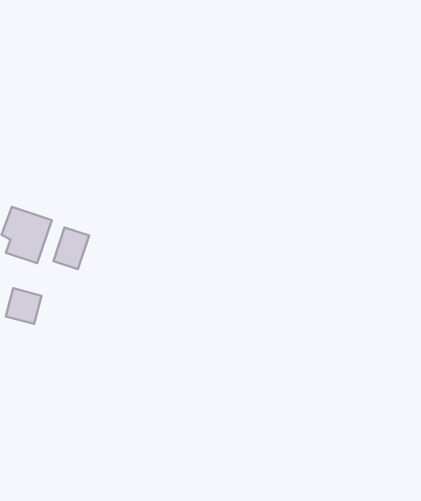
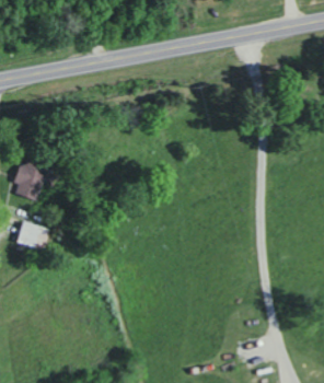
building: [53,227,89,269] -> none

